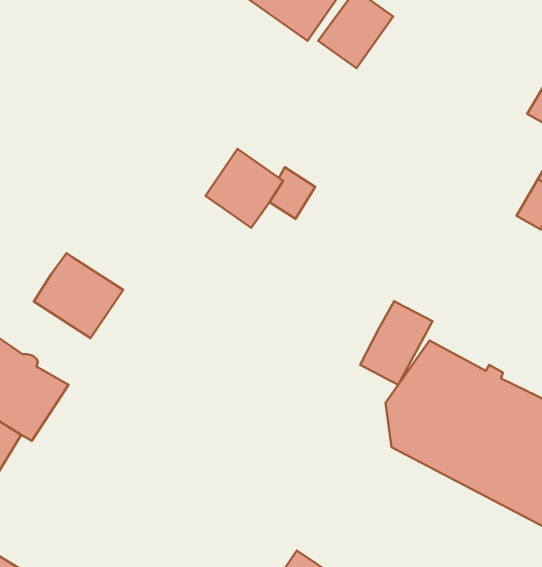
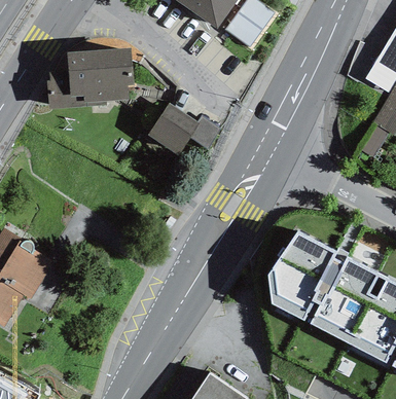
building: none -> [46,46,134,109]
building: [34,253,123,338] -> none
building: [360,301,432,385] -> none

